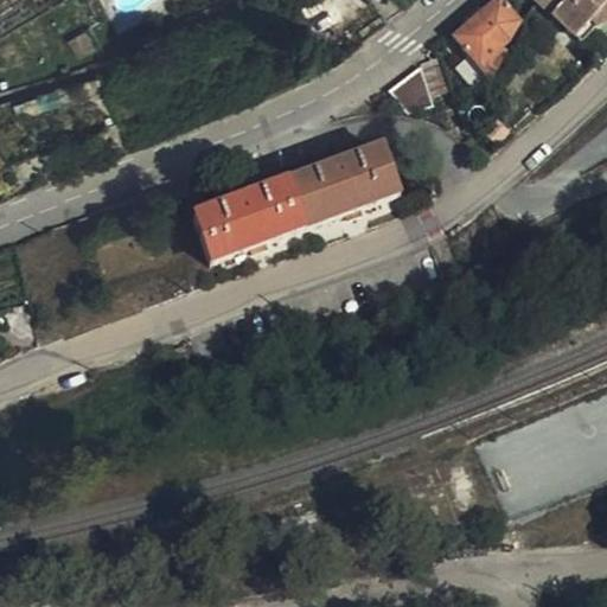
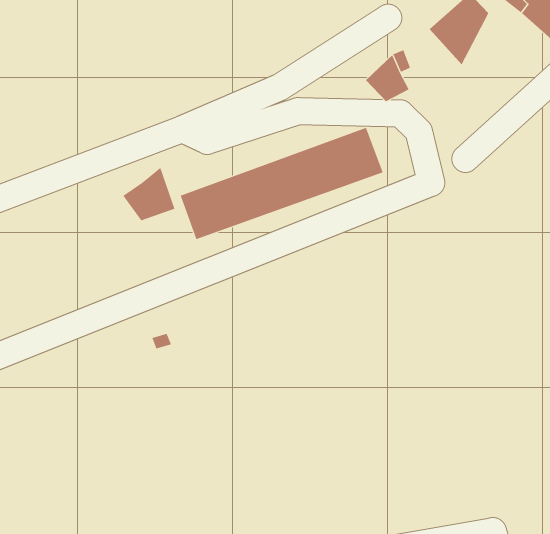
building: none -> [123,167,175,221]

